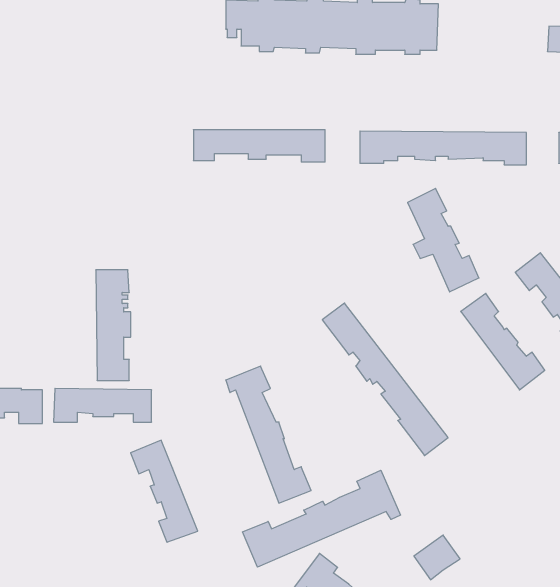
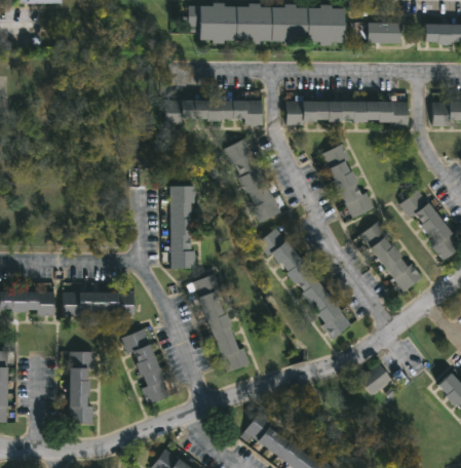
building: none -> [369,22,400,42]
building: none -> [223,138,281,223]
building: [96,270,131,380] -> [170,187,196,268]
building: [243,470,400,567] -> none
building: none -> [67,352,93,423]
building: [414,535,460,580] -> [359,362,393,395]

